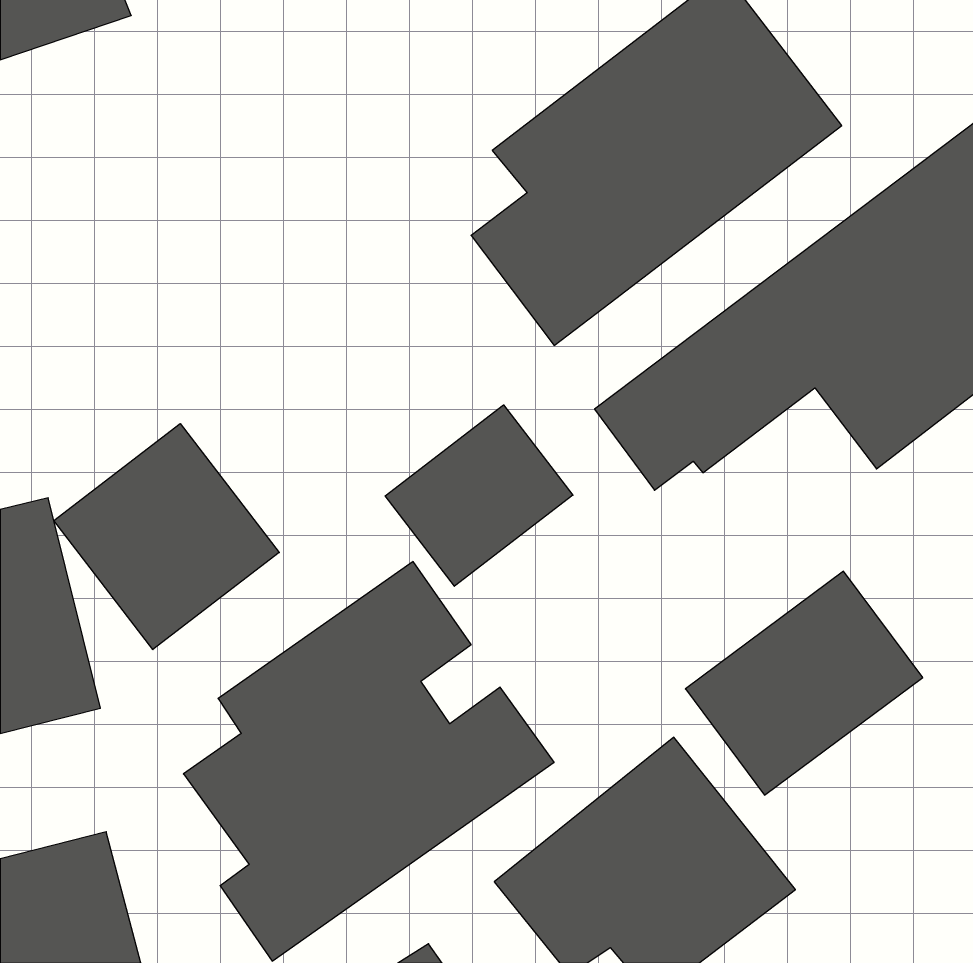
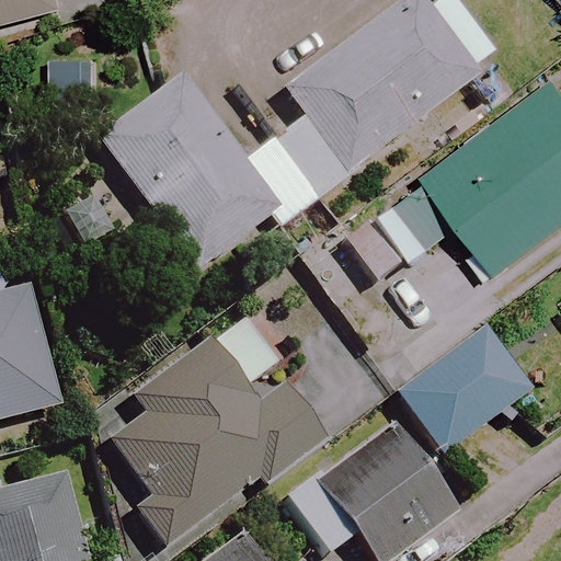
building: none -> [93,71,322,270]
building: [385,405,573,586] -> none
building: [54,424,279,650] -> none

